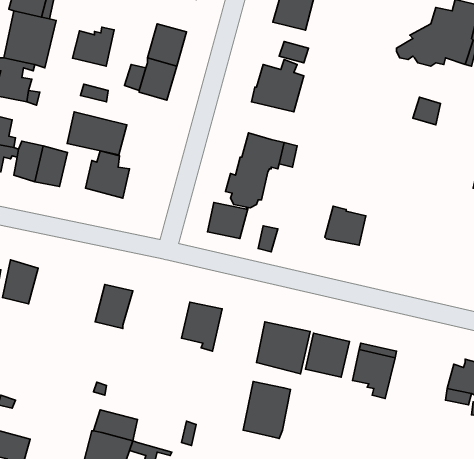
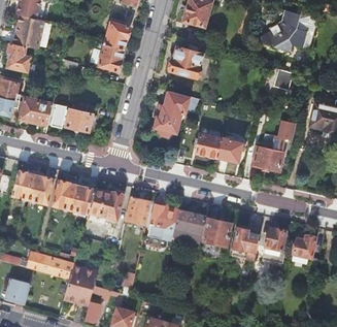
building: [72,27,114,66] -> none
building: [67,112,127,155] -> none
building: none -> [251,120,295,170]
building: [207,203,248,238] -> [196,133,222,156]
building: none -> [29,175,54,203]
building: none -> [53,182,77,209]
building: none -> [89,189,123,219]
building: none -> [265,226,287,252]
building: [243,381,291,438] -> [148,204,178,240]
building: none -> [24,251,75,279]

